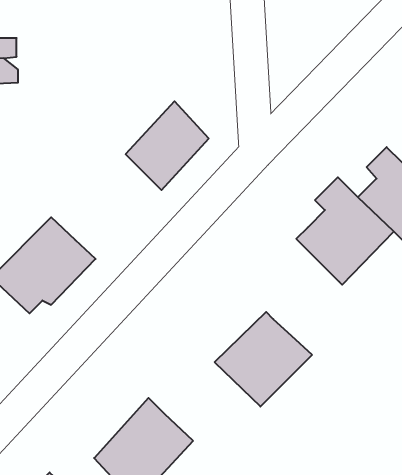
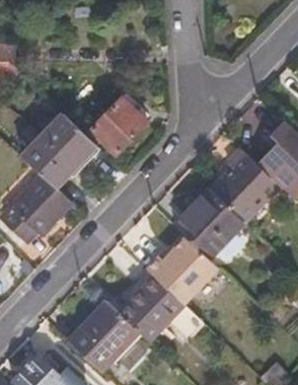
building: none -> [23,115,97,189]
building: none -> [174,188,244,257]
building: none -> [119,276,202,339]

